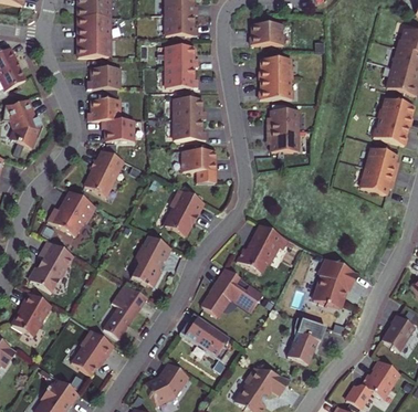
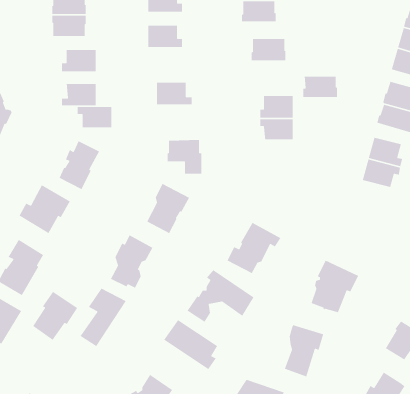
building: [166,66,198,86] -> none
building: [260,78,292,98] -> [302,76,338,98]
building: [174,118,207,139] -> none
building: [72,329,114,374] -> [32,291,78,341]

